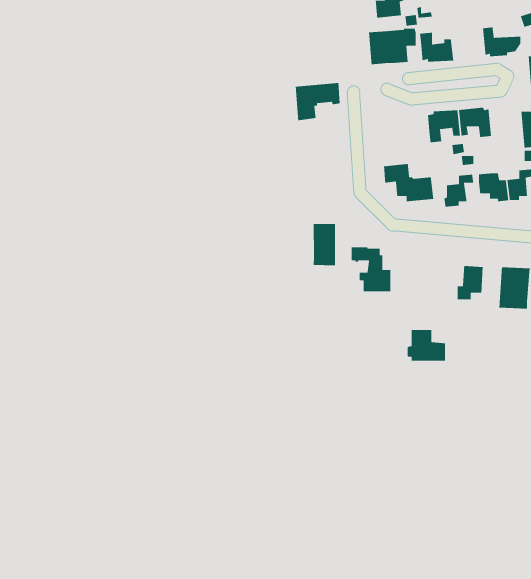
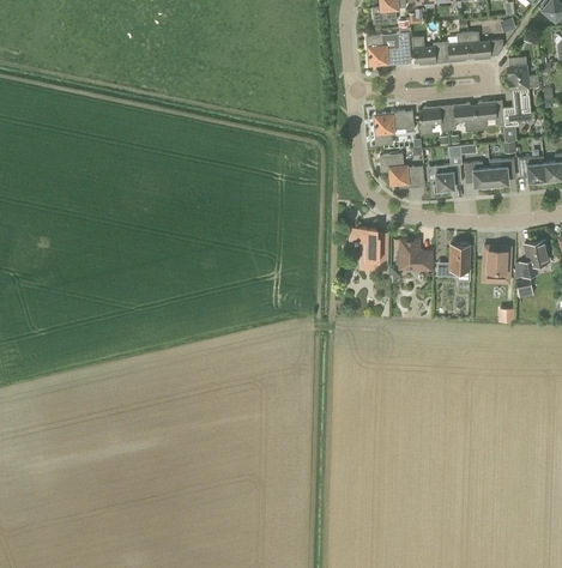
building: none -> [440,32,470,62]
building: [295,82,341,121] -> [373,110,413,145]
building: none -> [473,99,503,129]
building: [313,223,336,266] -> none
building: [407,329,446,362] -> [395,240,430,268]

